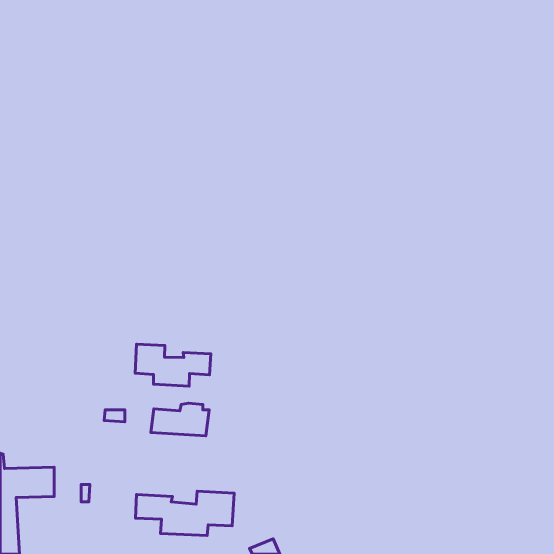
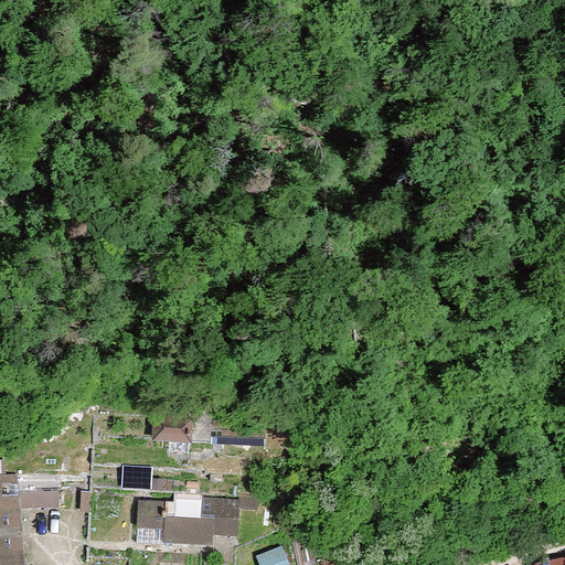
building: [135,344,211,386] -> none

